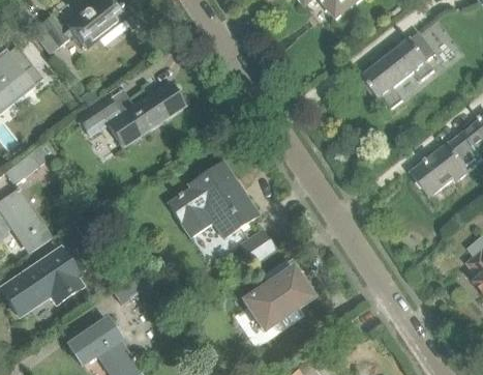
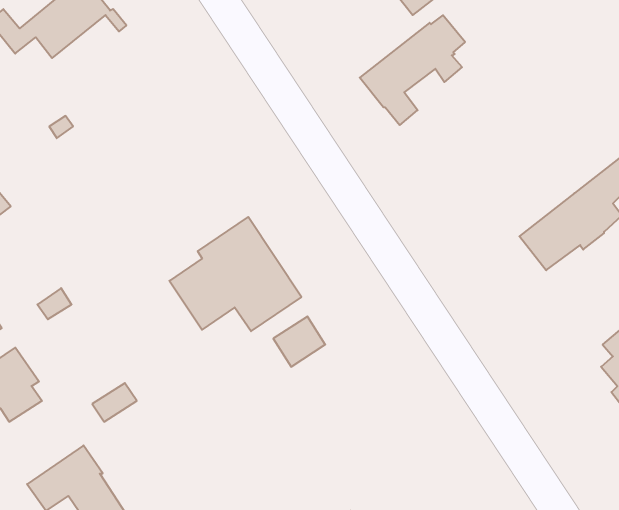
building: [362,33,435,110] -> [360,15,465,125]
building: [76,80,186,147] -> none
building: [242,265,313,331] -> none

